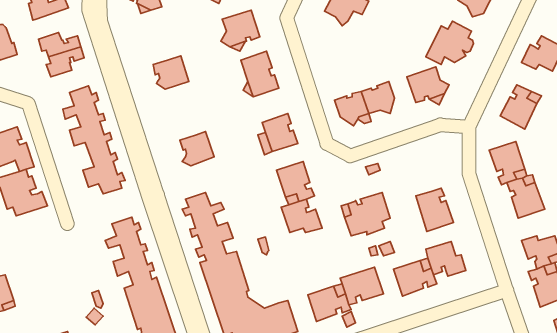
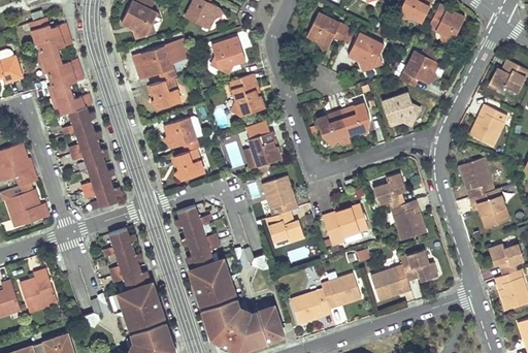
building: none -> [346,33,384,72]
building: none -> [36,34,71,63]
building: none -> [138,42,188,83]
building: none -> [52,92,91,115]
building: none -> [164,118,199,152]
building: none -> [372,174,404,208]
building: none -> [18,269,55,314]

